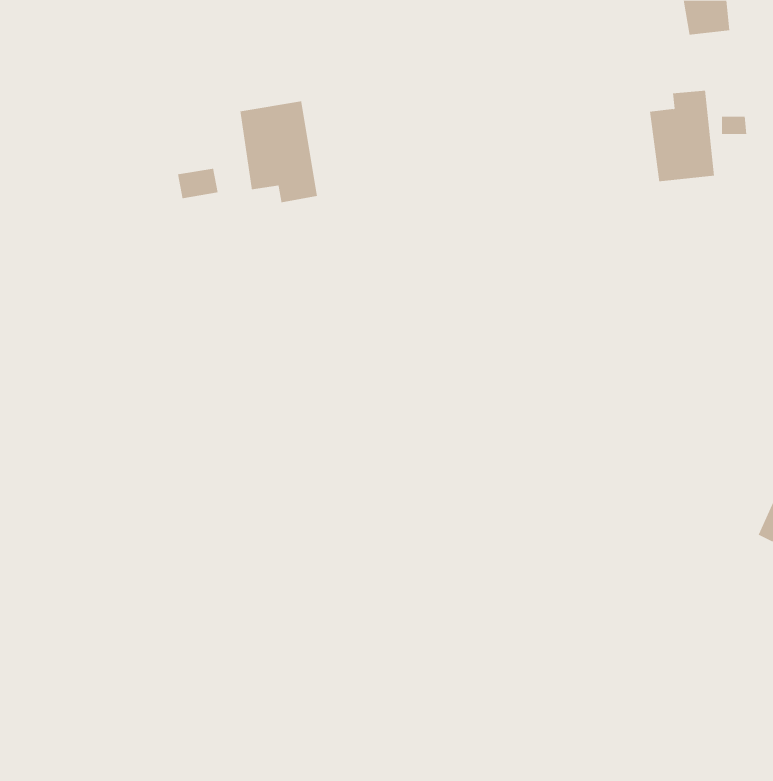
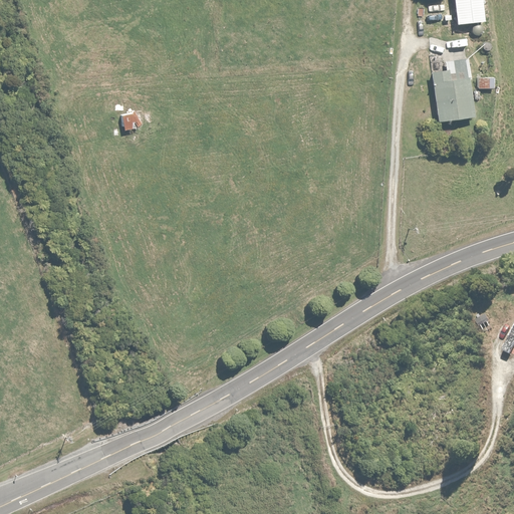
building: [240,101,317,203] -> none

